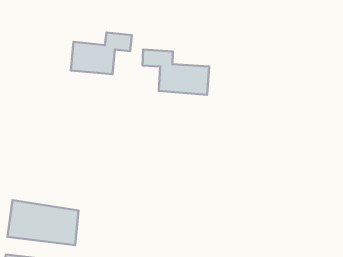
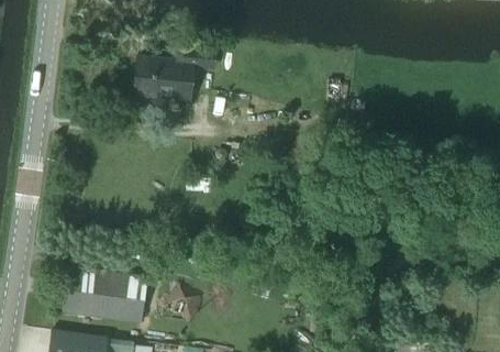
building: [142,50,209,95] -> none

